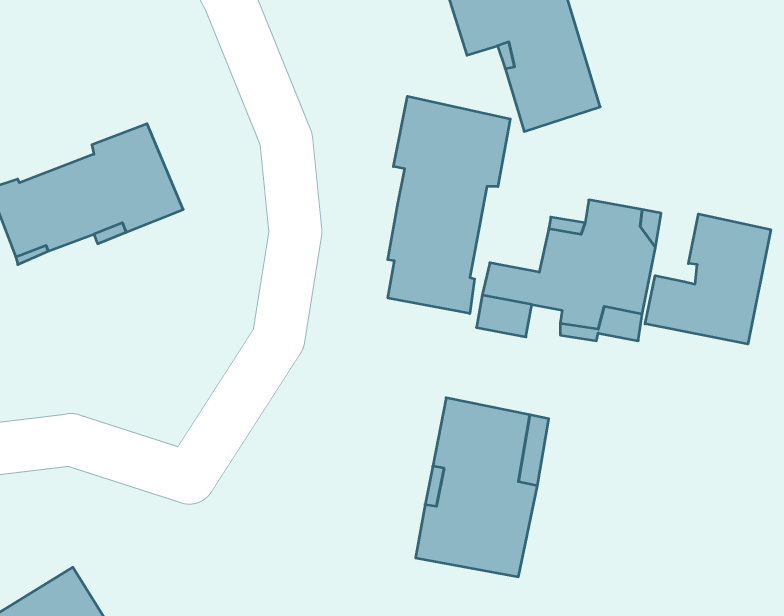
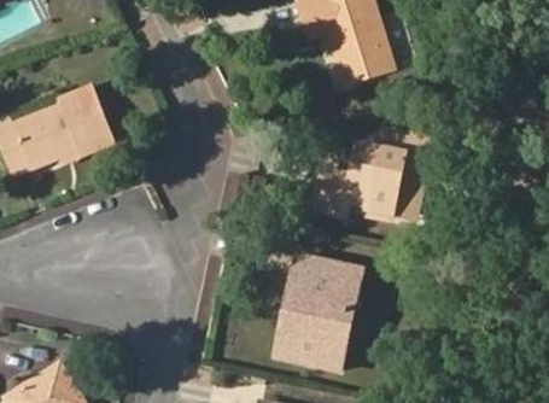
building: [388,96,510,314] -> none
building: [645,214,771,344] -> none

